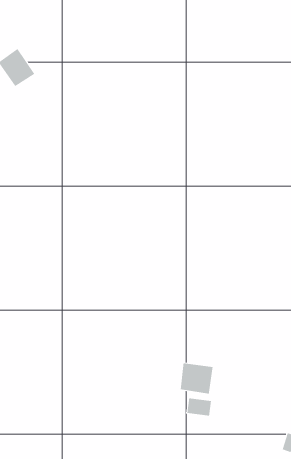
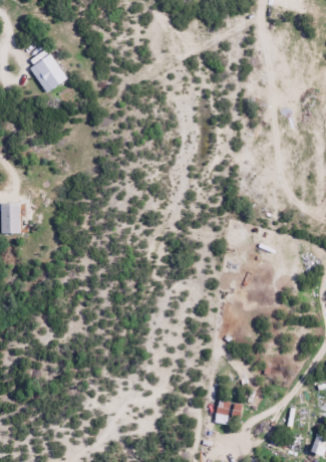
building: [180,363,213,394] -> none

